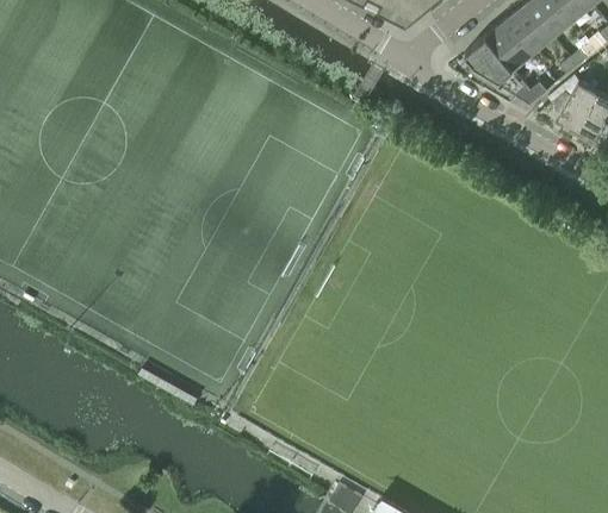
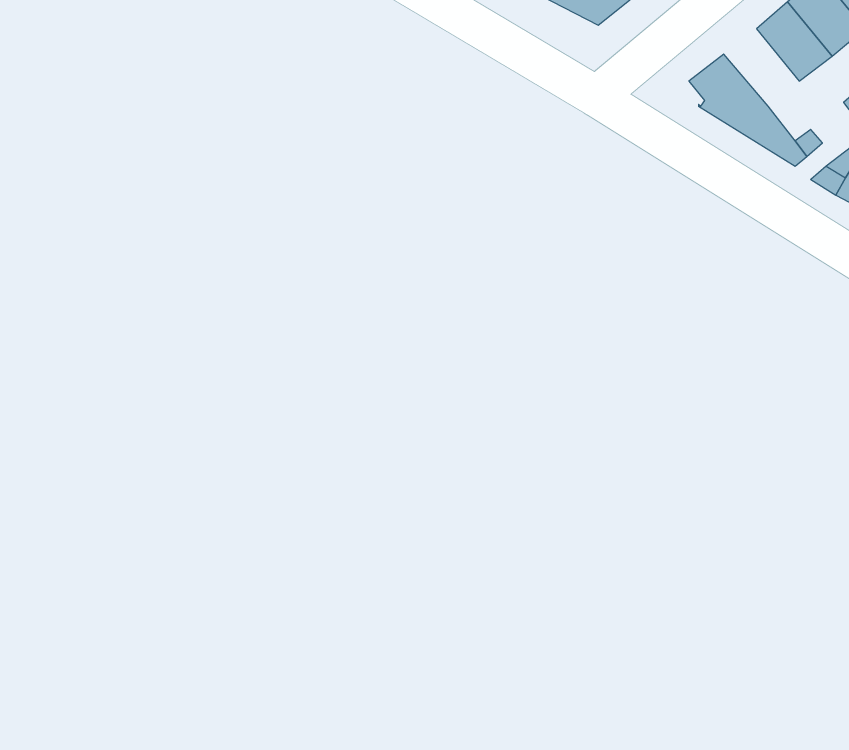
building: [488,20,534,68] -> none

